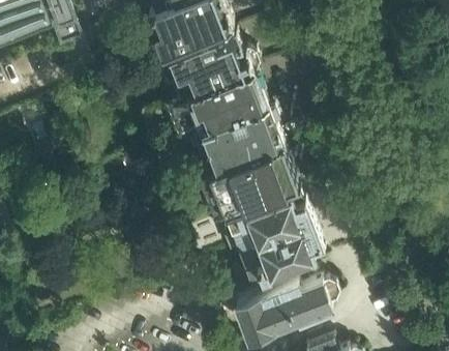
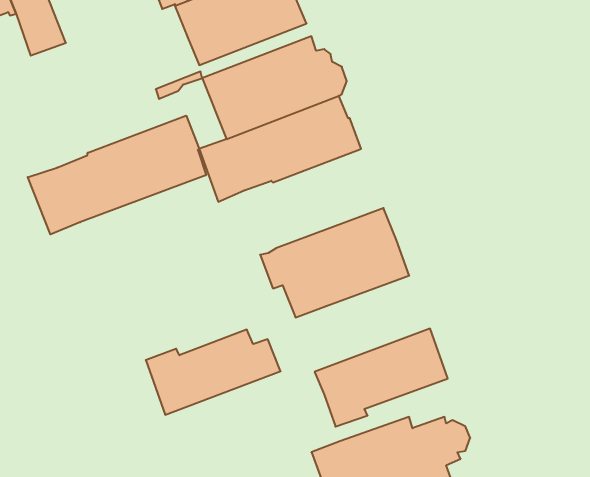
building: none -> [28,116,206,234]
building: [194,110,285,179] -> none
building: [228,201,315,256] -> [146,330,281,415]

